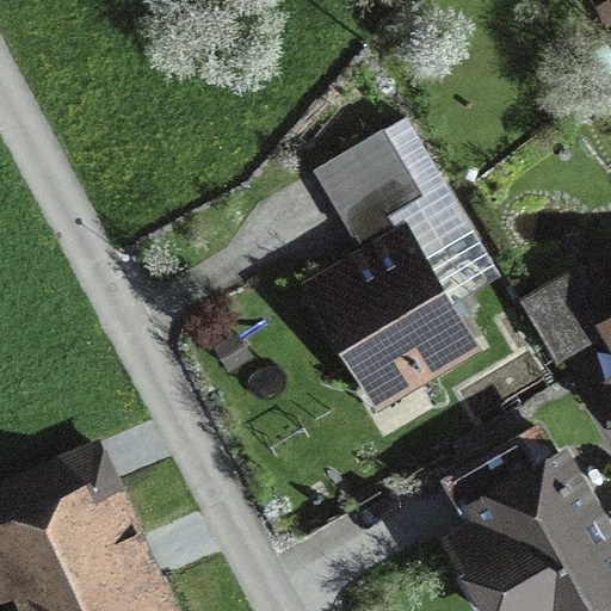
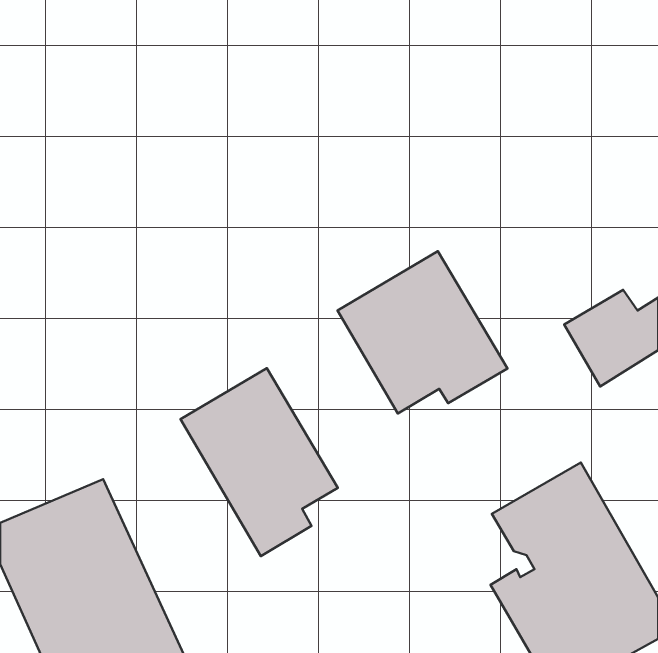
building: [320,122,471,252] -> none
building: none -> [180,368,338,556]

